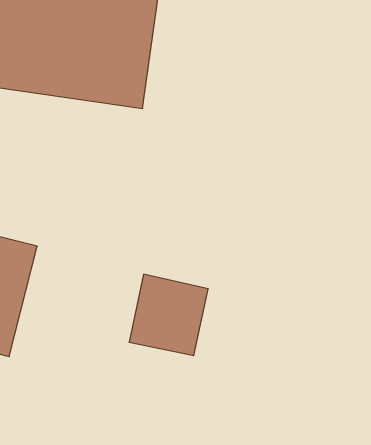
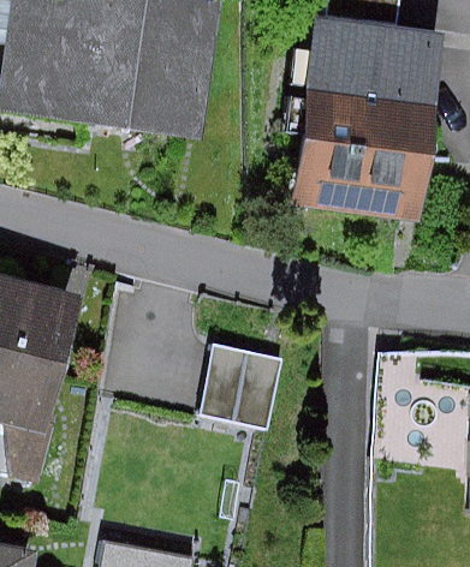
building: none -> [303,37,444,198]

